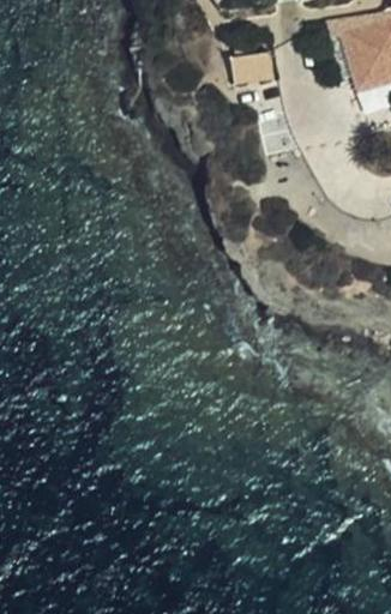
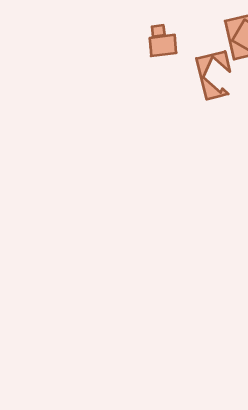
building: none -> [196,51,230,99]

